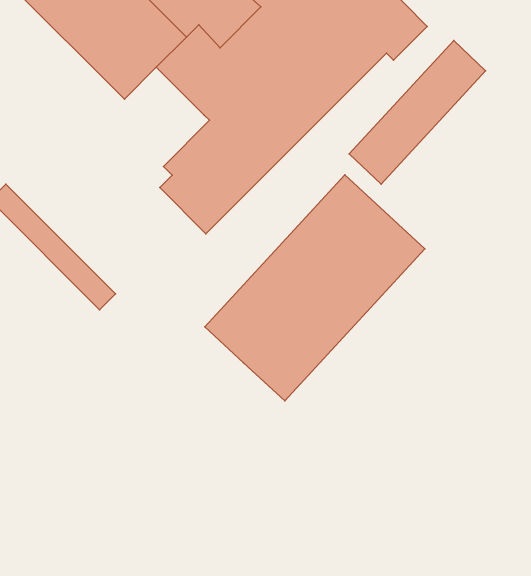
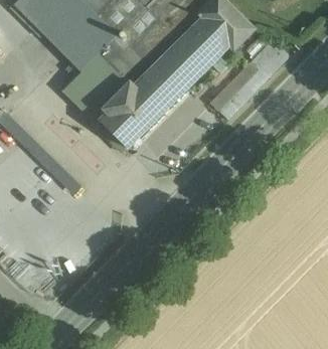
building: none -> [65,56,125,116]
building: [205,175,425,401] -> none

